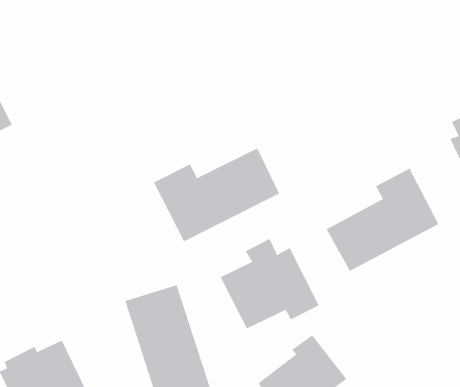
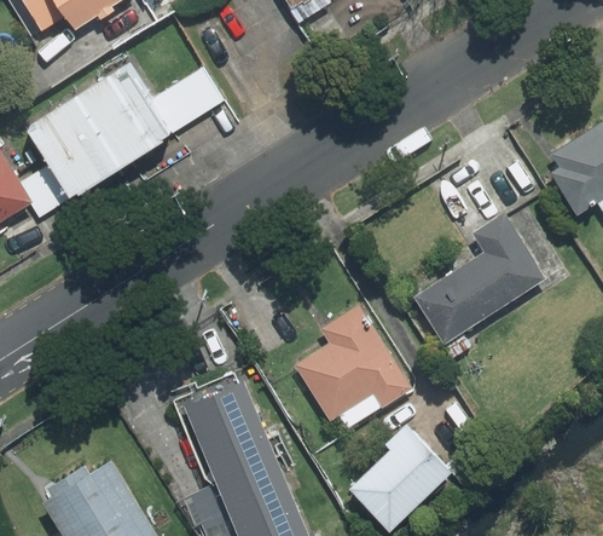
building: none -> [23,67,219,204]
building: [153,148,280,242] -> none

